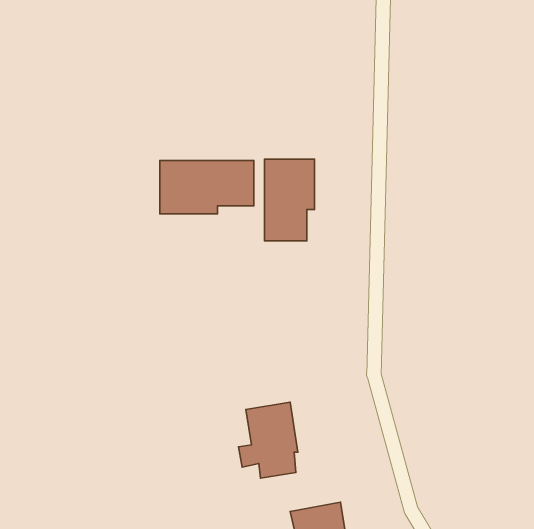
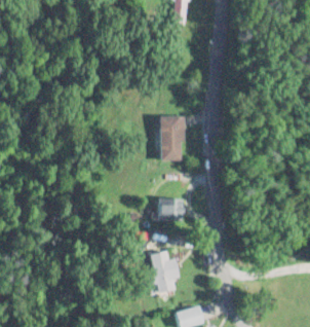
building: [160,161,254,214] -> none
building: none -> [158,199,180,219]

